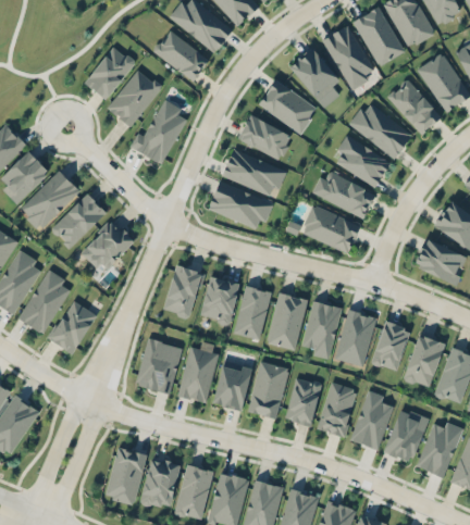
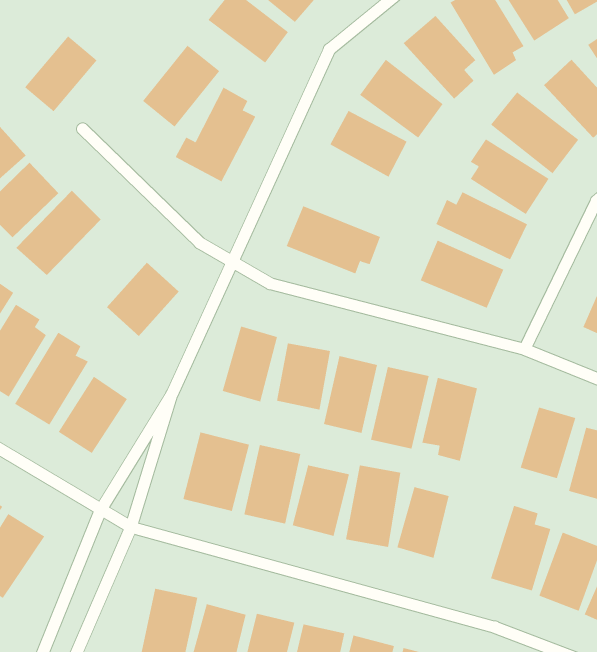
building: [84,46,135,99] -> [24,36,98,112]
building: [221,148,286,196] -> none
building: [50,193,106,248] -> none
building: [333,309,376,366] -> none
building: [318,383,356,436] -> none

